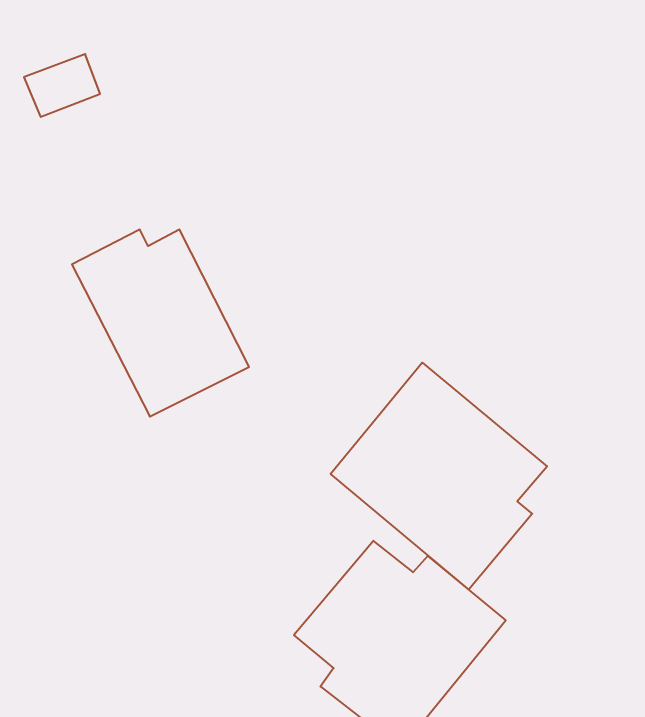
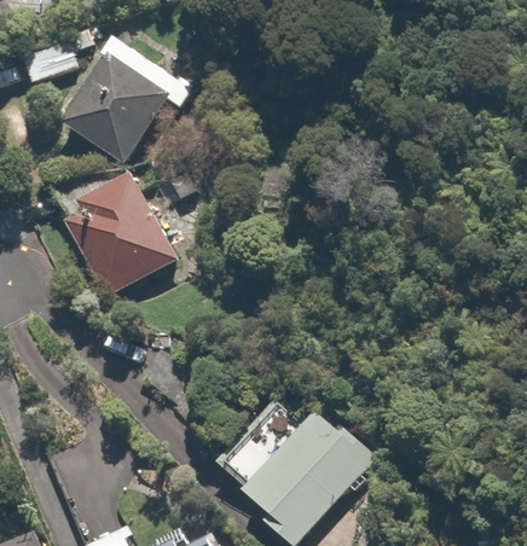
building: none -> [58,45,176,170]
building: [331,363,547,590] -> none

